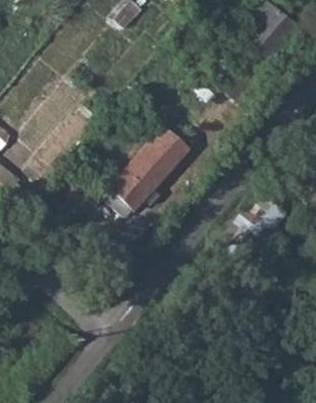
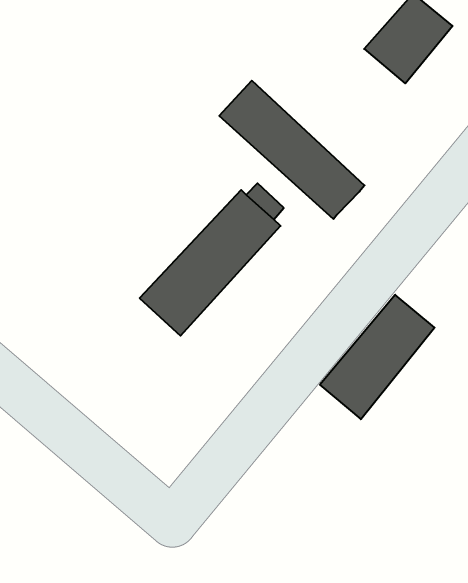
building: none -> [219,81,365,219]

